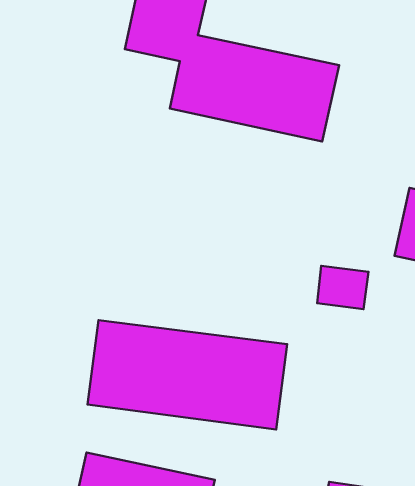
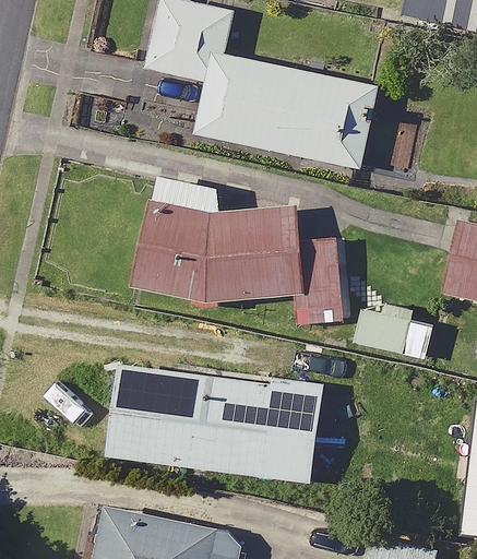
building: none -> [140,175,339,325]

